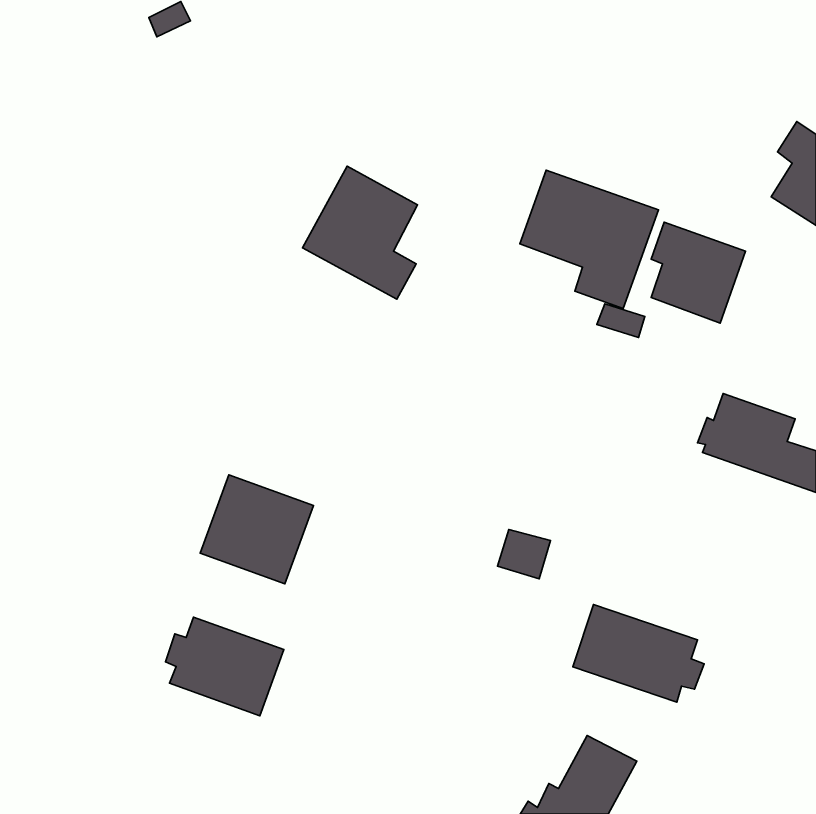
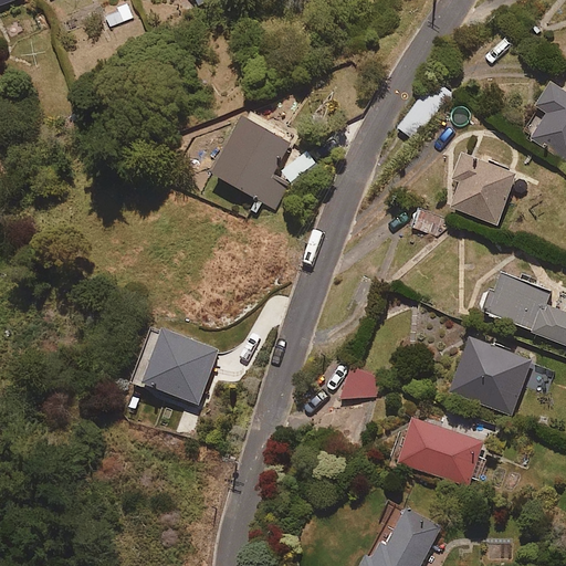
building: [520,170,658,308] -> none
building: none -> [450,337,554,413]
building: [166,617,284,716] -> none

